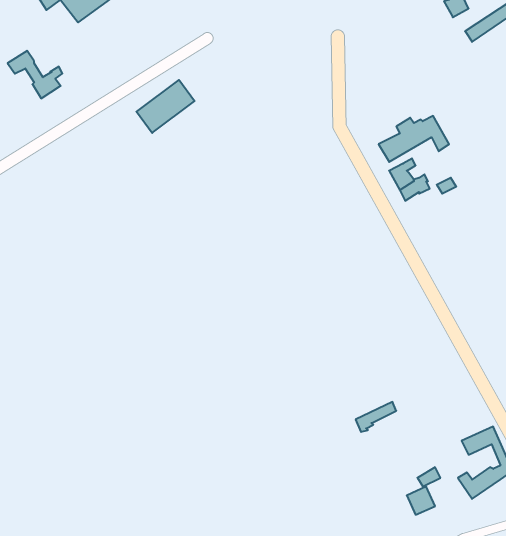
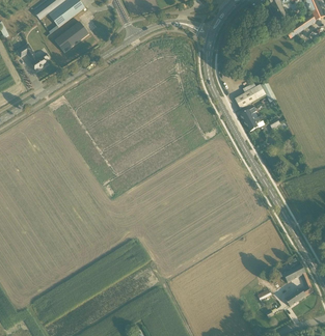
building: [136,80,195,133] -> [55,22,89,53]

